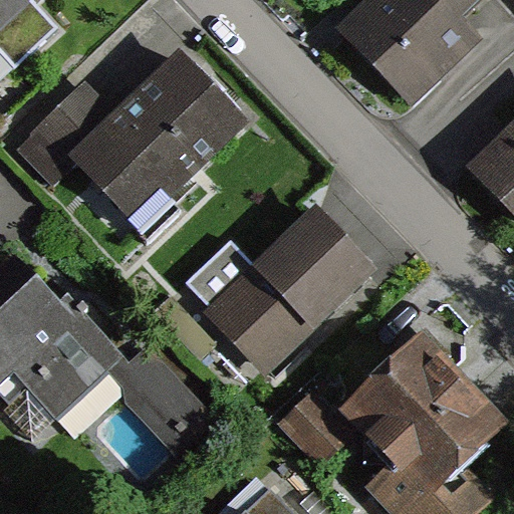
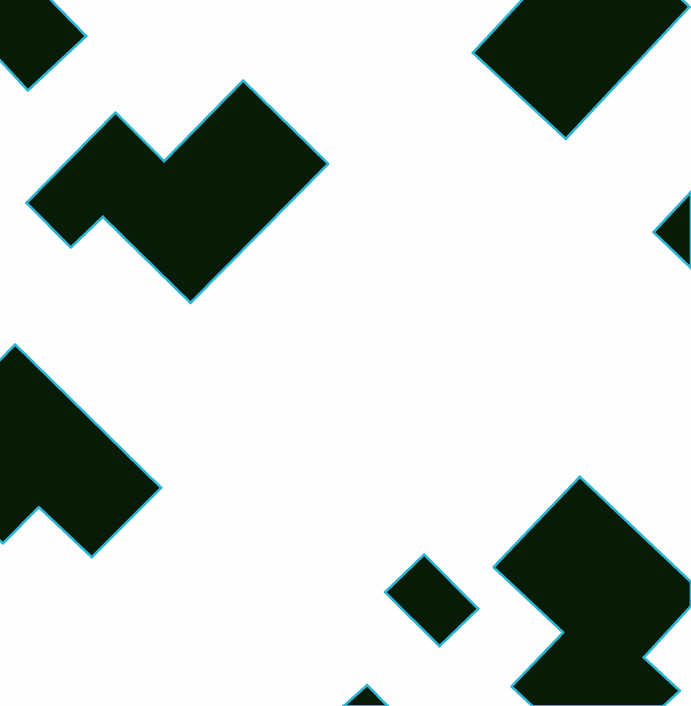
building: [206,207,372,371] -> none
building: [108,353,200,442] -> none

